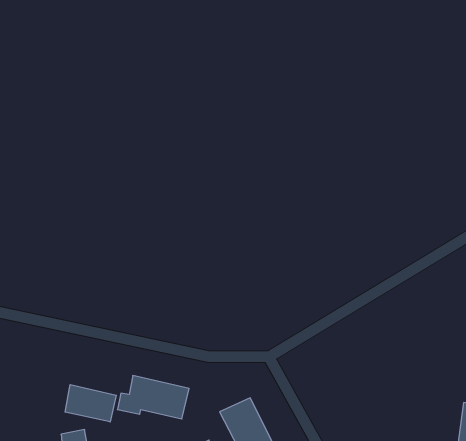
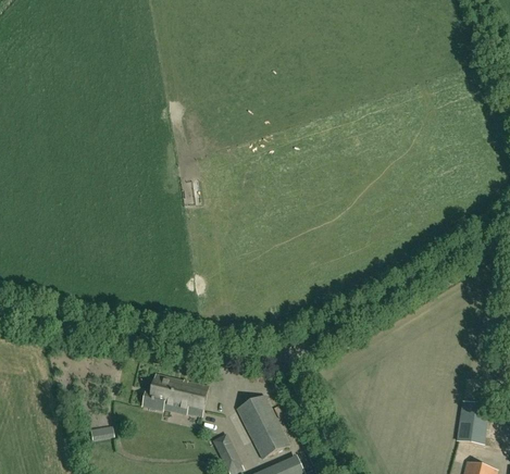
building: [65,385,116,422] -> none

